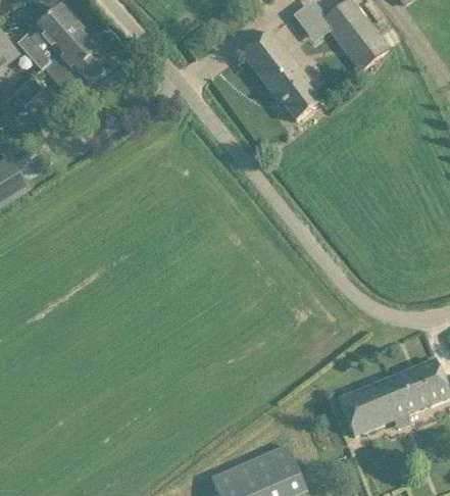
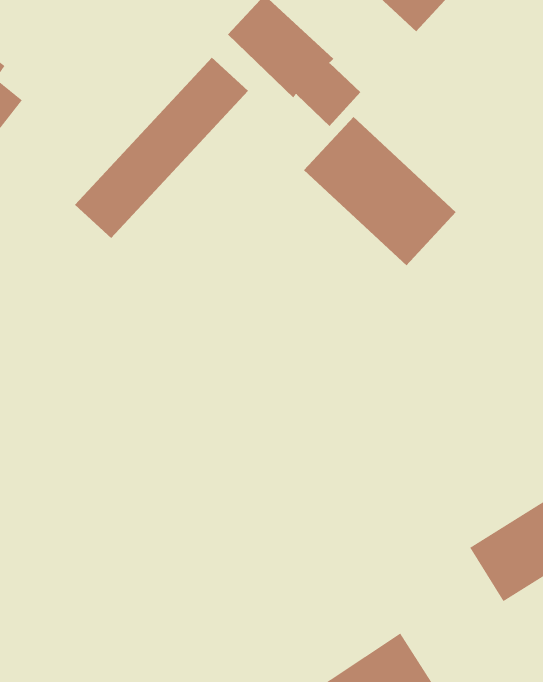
building: none -> [74,57,249,239]
building: none -> [303,116,457,266]

